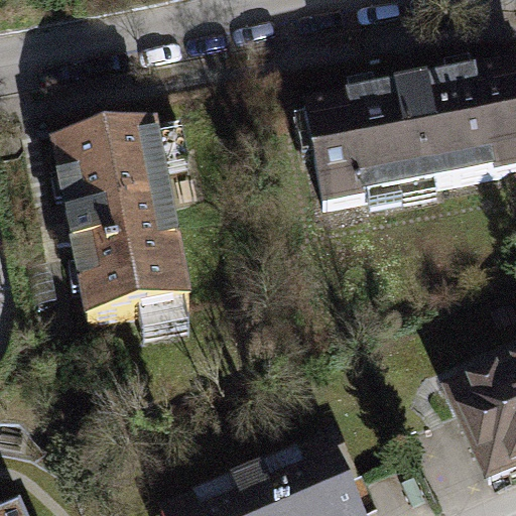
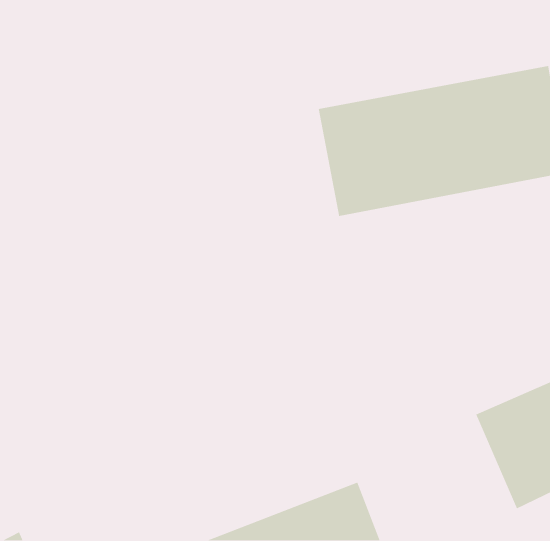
building: [54,123,191,324] -> none

